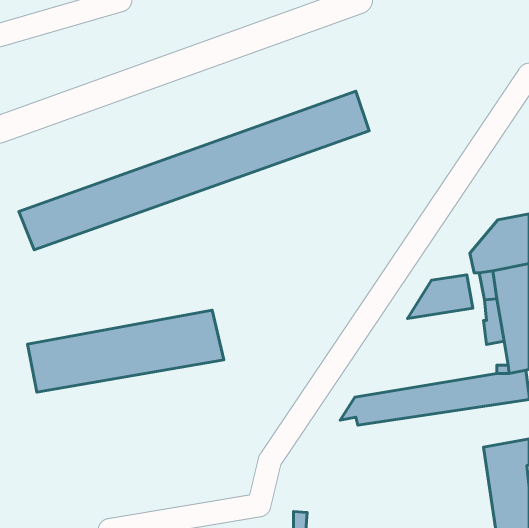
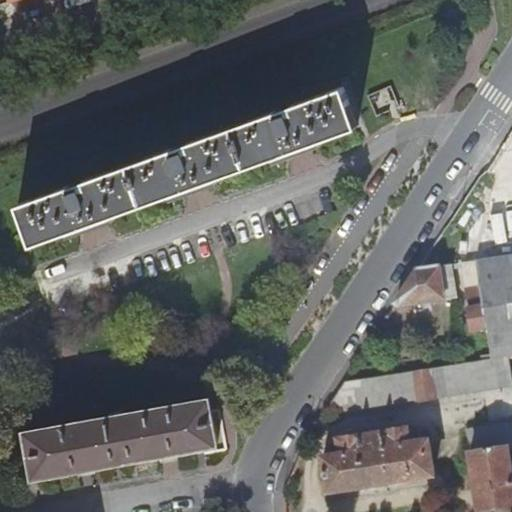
building: [28,310,224,392] -> [28,399,217,478]
building: none -> [322,433,434,497]

